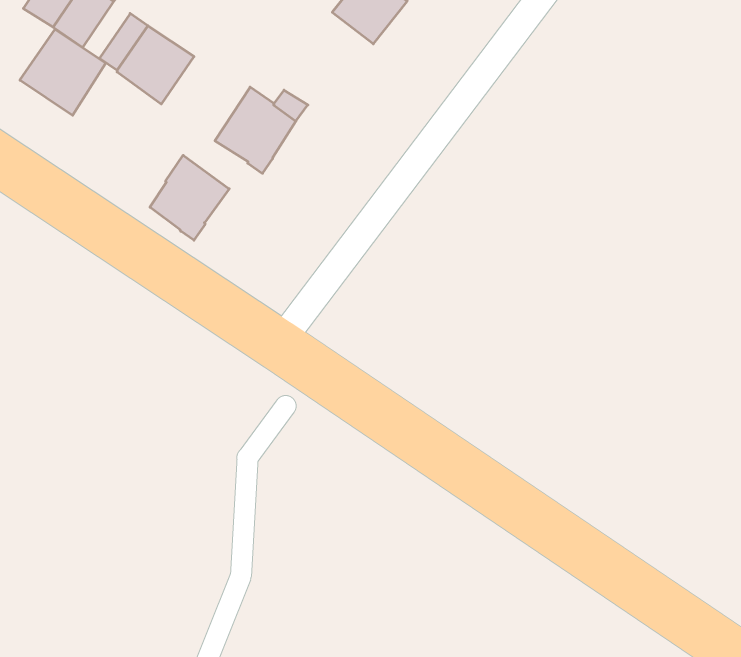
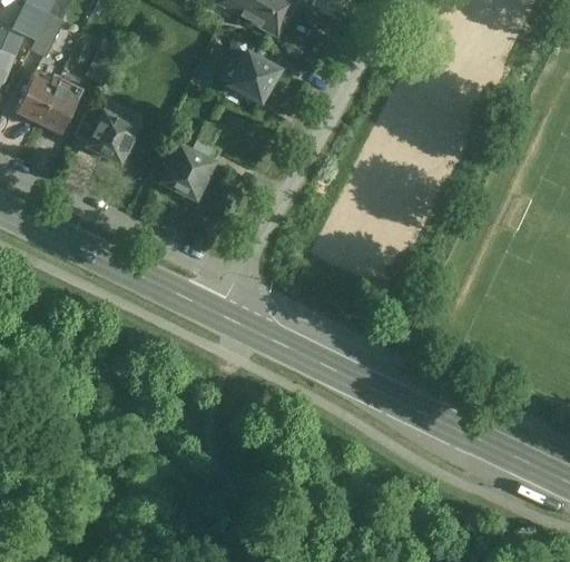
building: [20,29,105,115] -> none
building: [150,155,229,240] -> none

